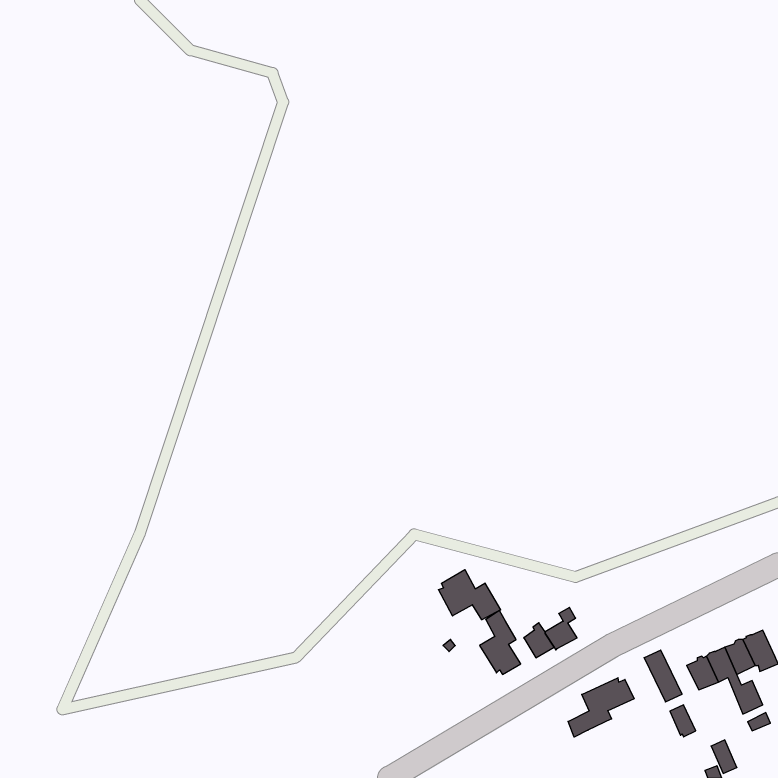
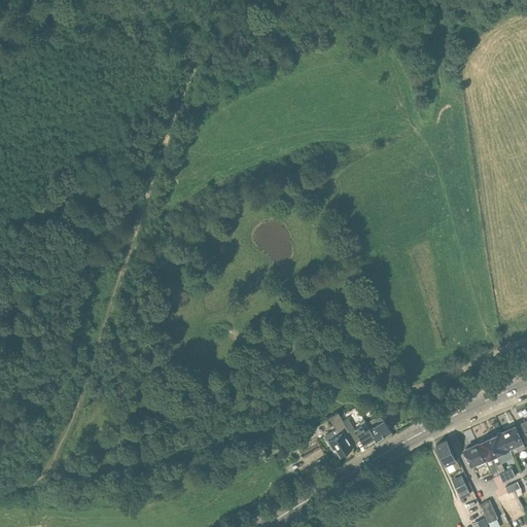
building: [438,570,501,620] -> none
building: [568,678,634,737] -> none

